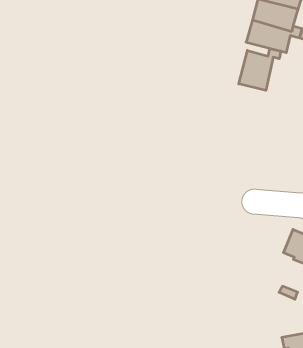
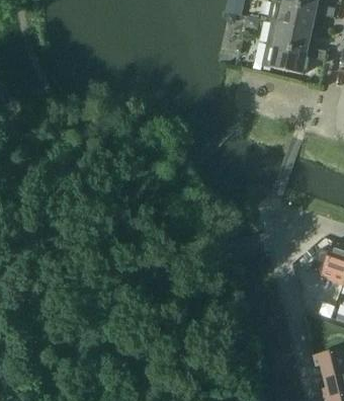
building: [239,48,281,90] -> none

